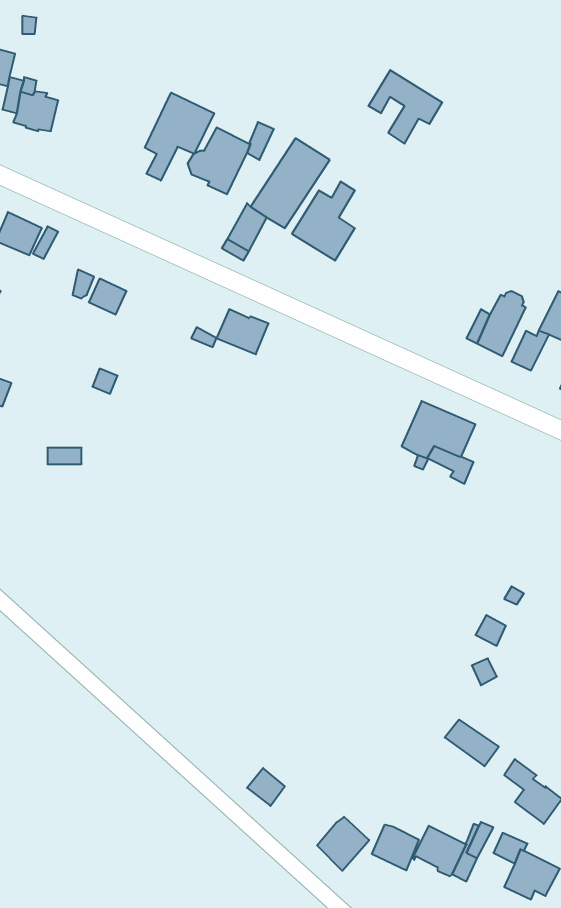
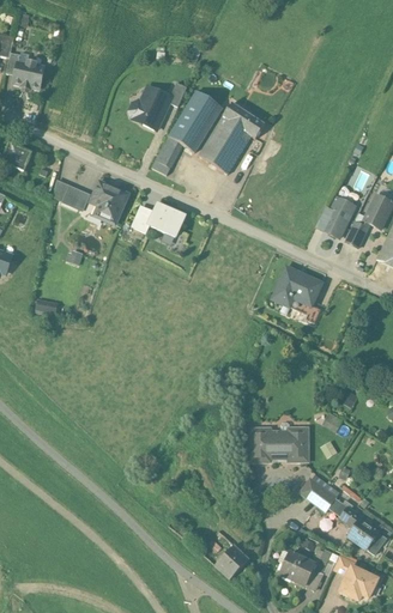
building: [368,70,442,144] -> [217,103,266,152]
building: [145,93,214,181] -> none
building: none -> [91,182,128,224]
building: none -> [252,421,307,460]
building: [372,825,419,870] -> none

